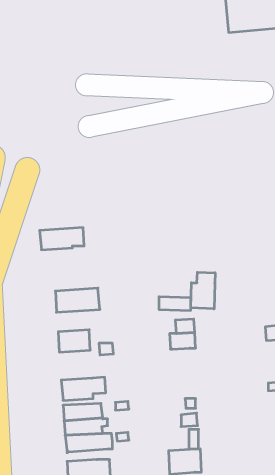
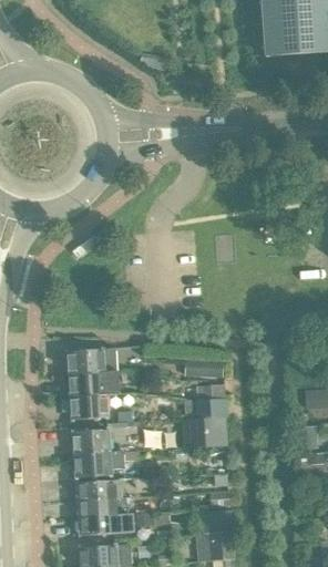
building: [40,228,84,250] -> [68,373,119,399]
building: [191,272,215,309] -> none
building: none -> [188,420,227,449]
building: none -> [72,430,109,454]

